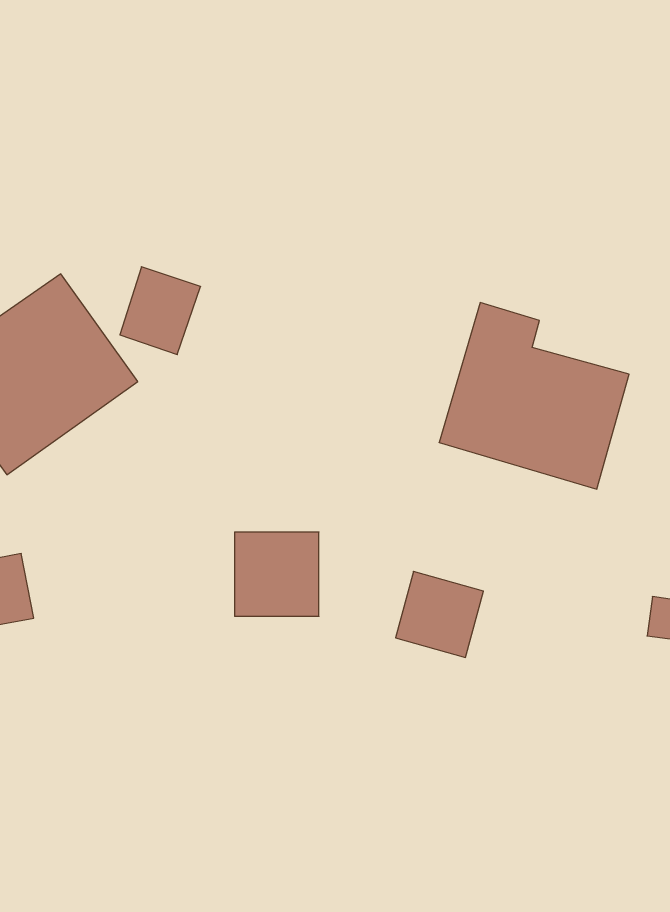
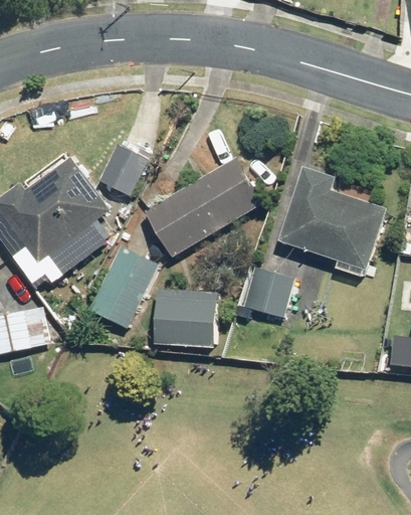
building: none -> [140,159,260,258]
building: none -> [89,249,153,328]
building: [396,571,483,657] -> [240,265,289,313]

